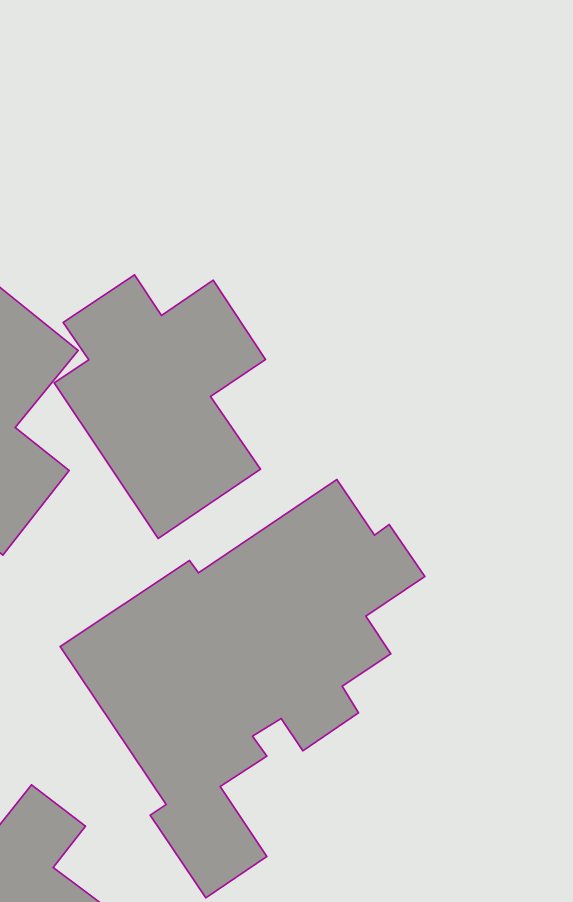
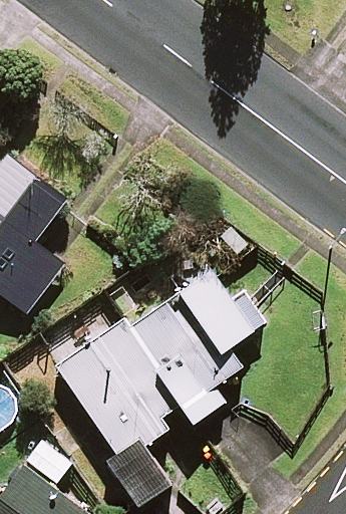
building: [54,275,266,538] -> none

